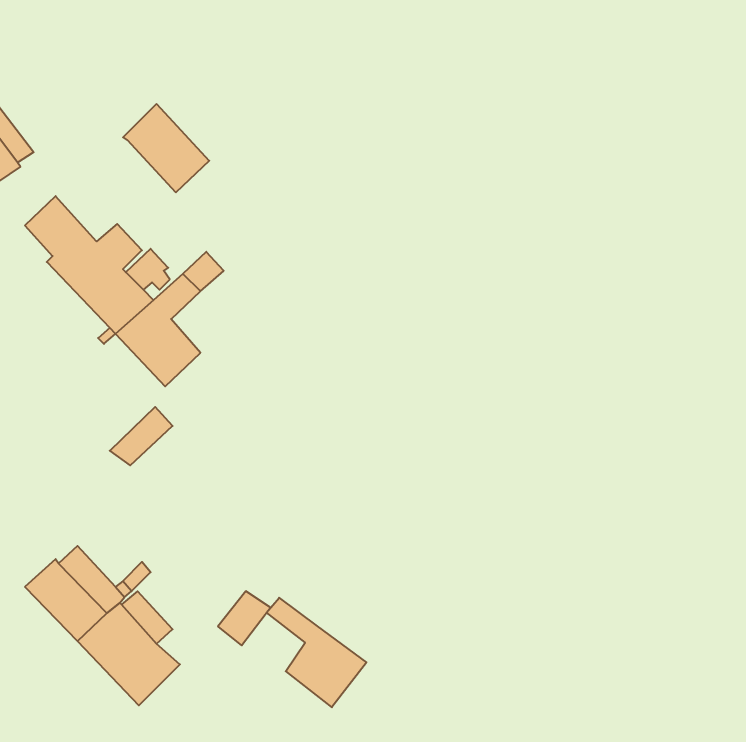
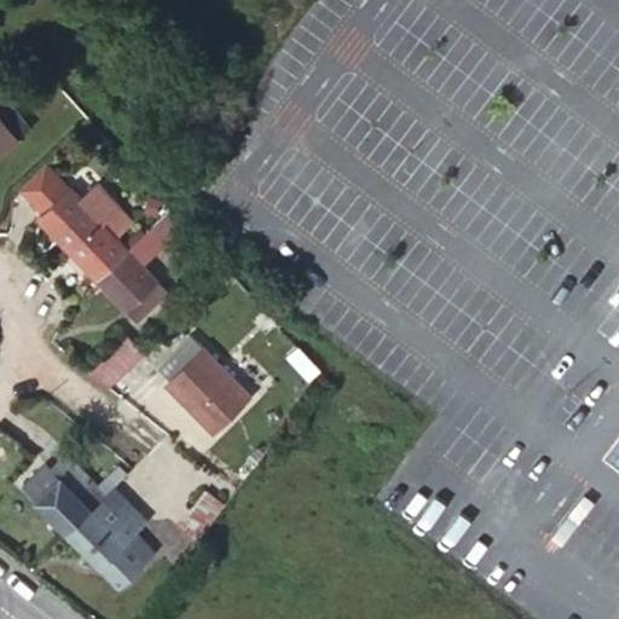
building: [123,104,209,192] -> none
building: none -> [157,340,248,434]
building: [267,598,366,707] -> none

